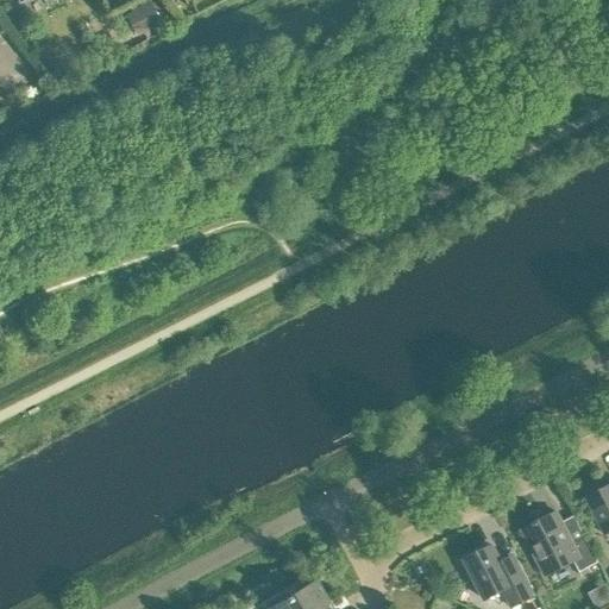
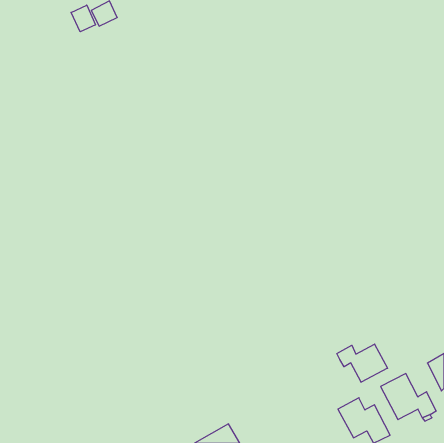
building: none -> [71,5,95,32]
building: none -> [337,344,388,382]

